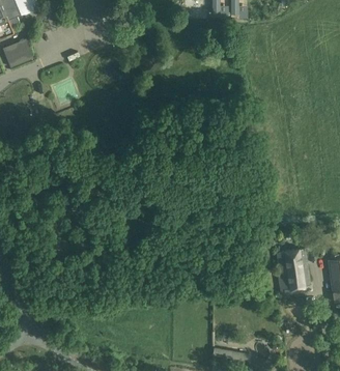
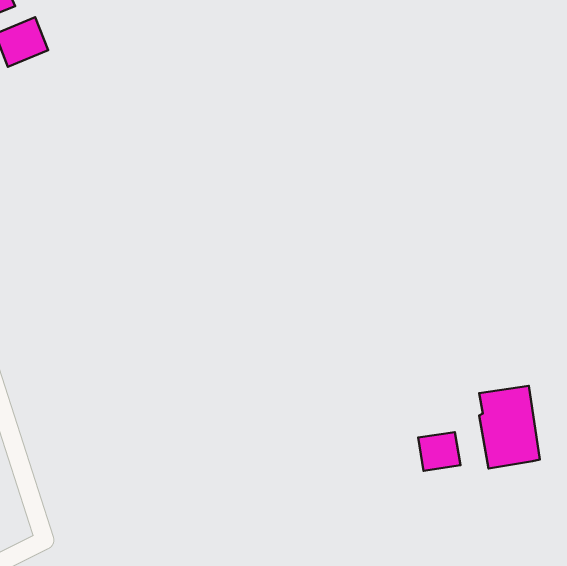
building: none -> [418,432,460,471]

